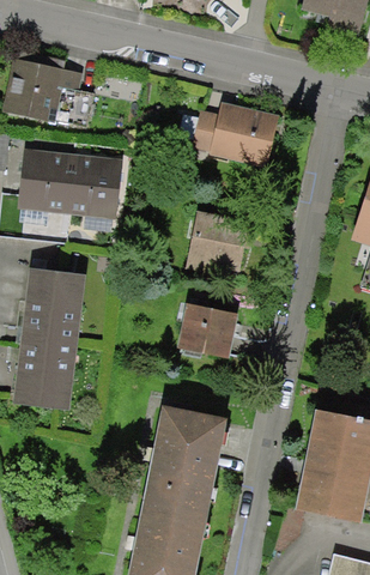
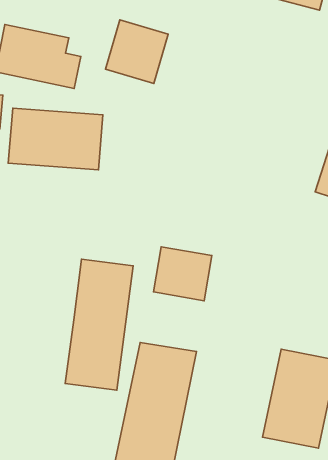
building: [210,103,278,172] -> [105,20,168,84]
building: [189,213,247,272] -> none
building: [16,268,90,411] -> [65,259,133,390]

